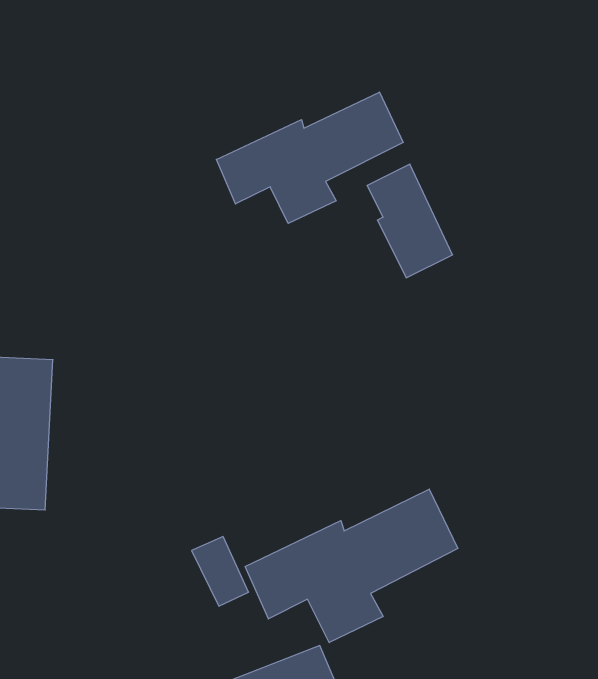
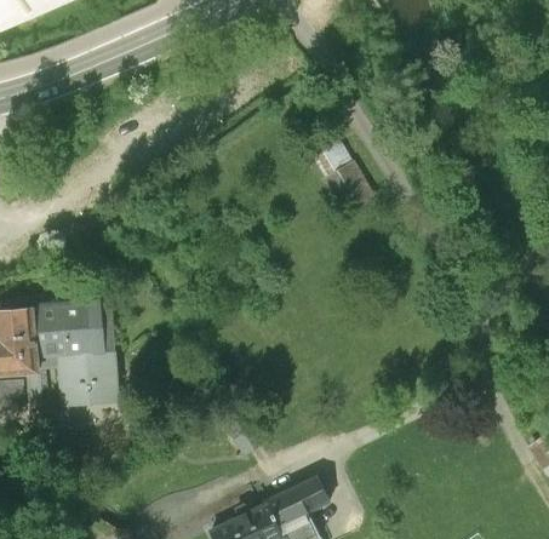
building: [216,92,403,223] -> none
building: [245,489,458,643] -> none

